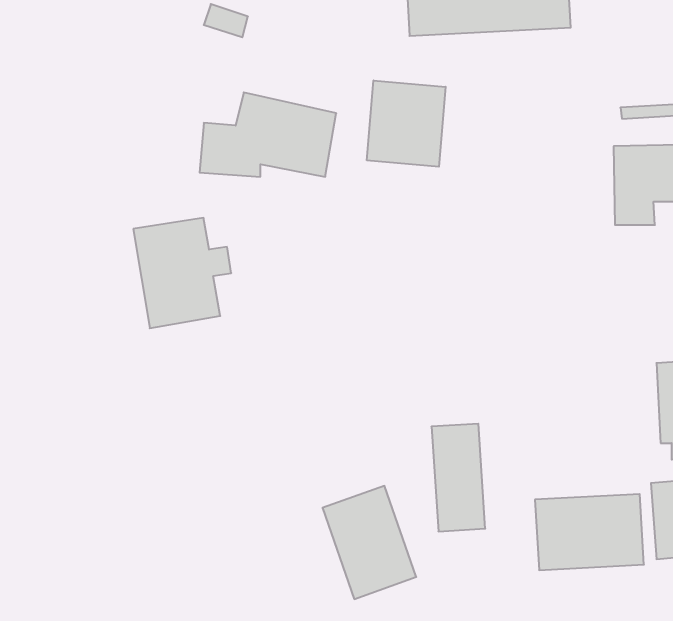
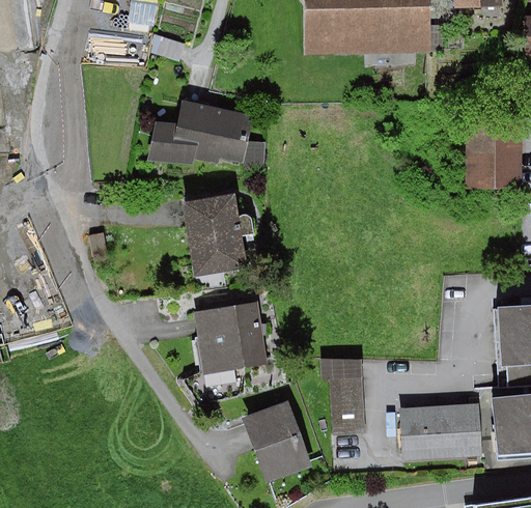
building: [367,80,446,167] -> none
building: [133,218,231,328] -> [180,190,254,273]
building: none -> [195,301,268,372]

